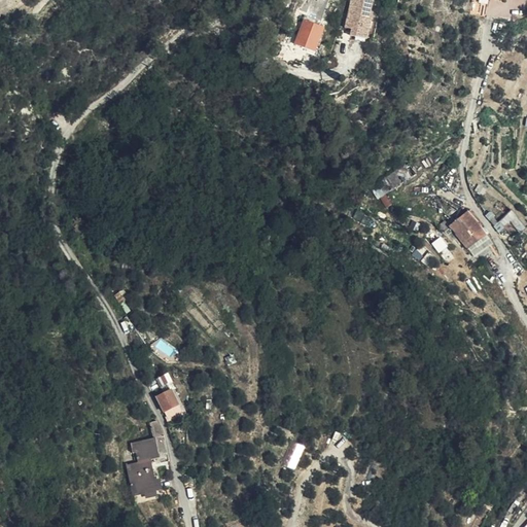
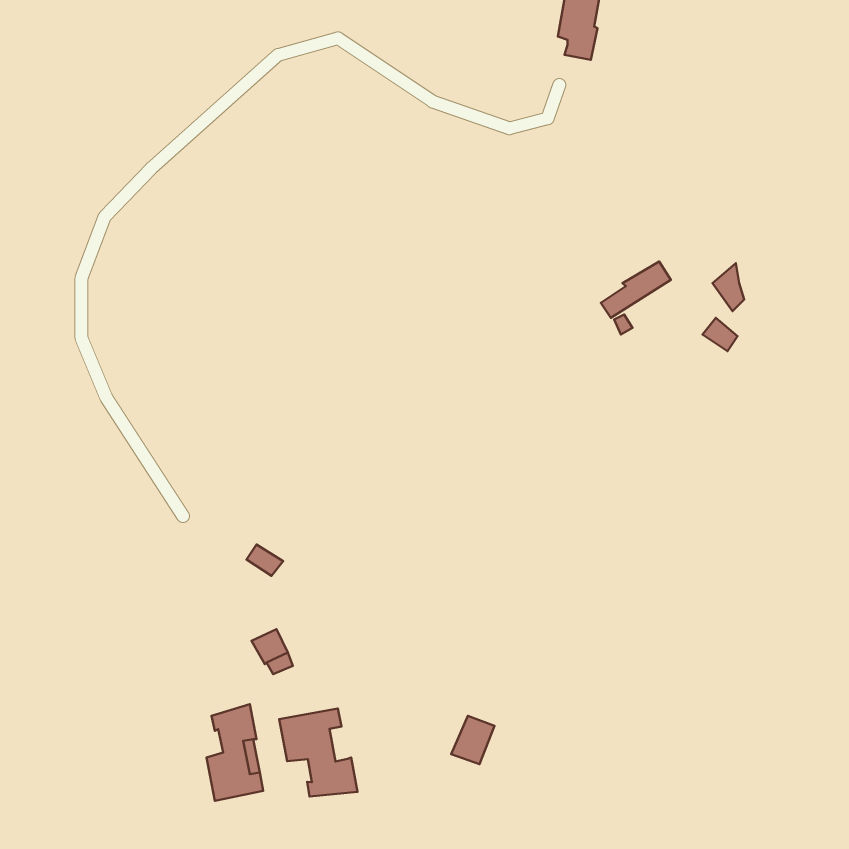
building: [294,20,322,55] -> none
building: [449,211,487,249] -> none
building: none -> [279,709,358,797]

